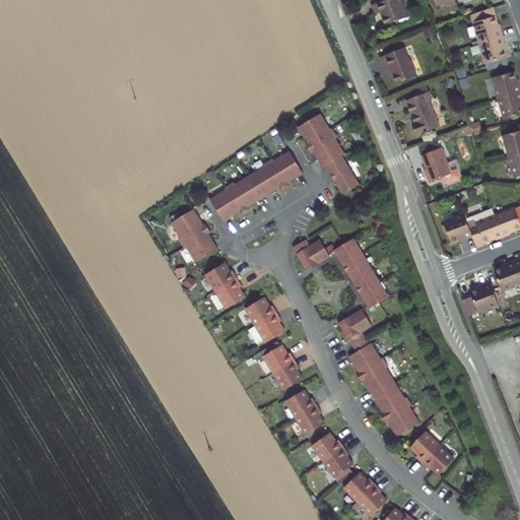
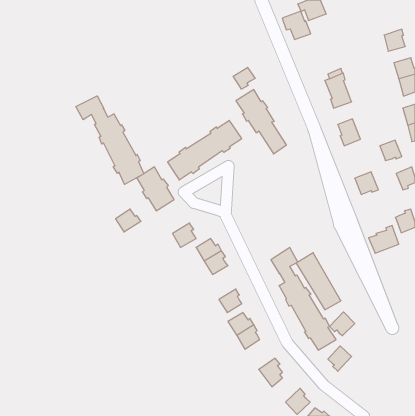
building: [470,8,502,44] -> none
building: [380,48,415,83] -> [282,11,311,39]
building: none -> [233,67,255,89]
building: none -> [76,96,144,184]
building: [475,216,503,242] -> [380,140,402,161]
building: [333,238,389,309] -> [296,253,341,310]
building: [292,240,330,271] -> none
building: [205,263,237,291] -> [116,209,141,232]
building: [263,345,295,374] -> none
building: [312,433,343,461] -> none
building: [421,445,453,474] -> [330,312,355,336]
building: [343,472,375,502] -> none

